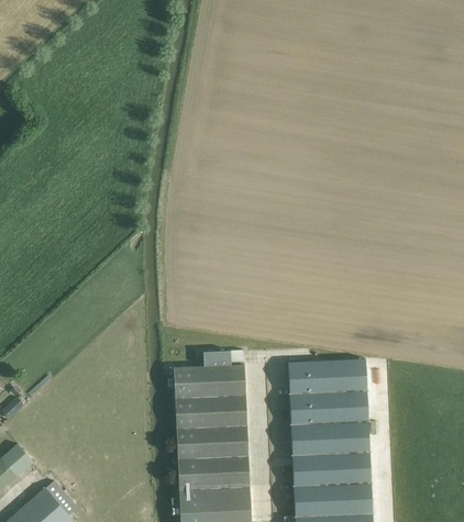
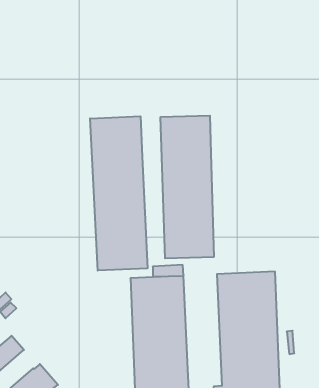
building: none -> [161,116,214,258]
building: none -> [90,116,147,271]

